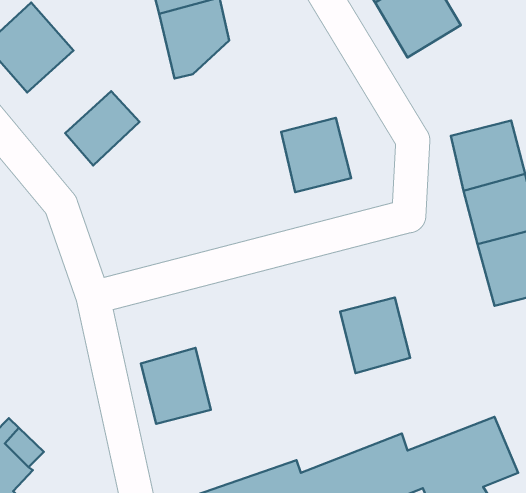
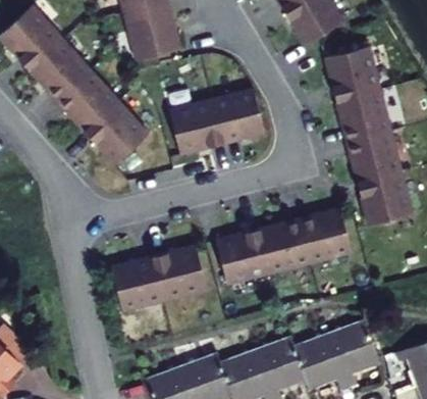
building: none -> [30,42,91,102]
building: none -> [325,48,381,104]
building: none -> [169,101,224,156]
building: none -> [85,102,149,166]
building: none -> [297,210,352,265]
building: none -> [216,232,268,287]
building: none -> [152,247,208,303]

